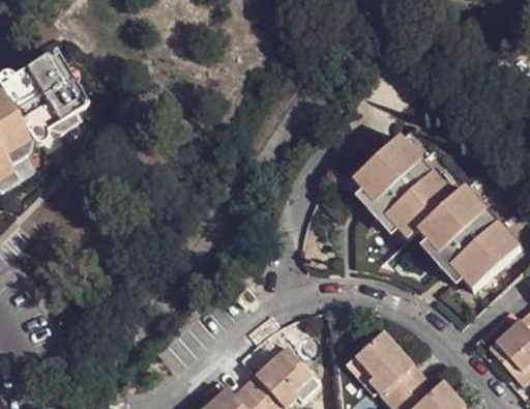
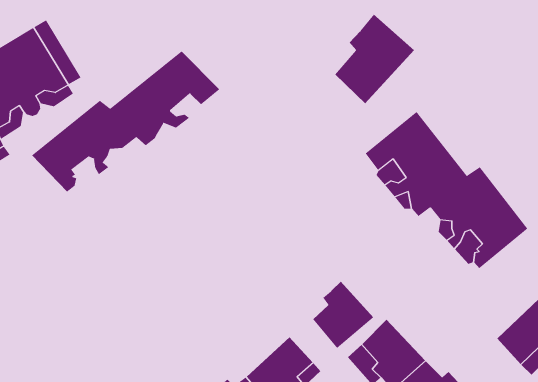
building: none -> [335,14,415,104]
building: none -> [31,50,220,192]
building: none -> [312,281,374,349]

